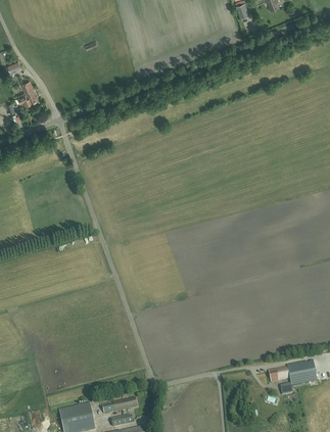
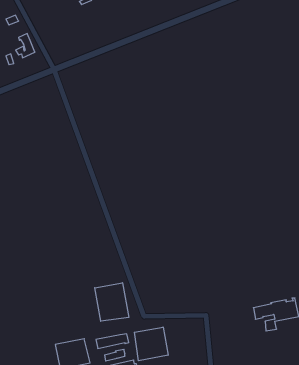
building: none -> [95,283,129,321]
building: none -> [134,327,168,361]

